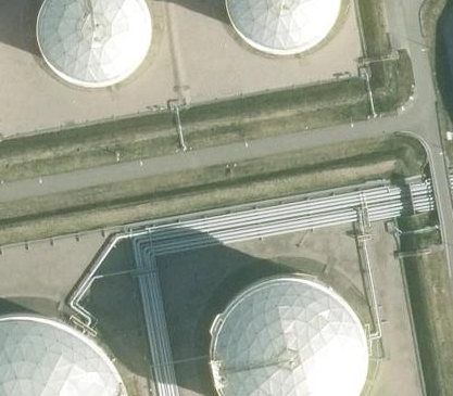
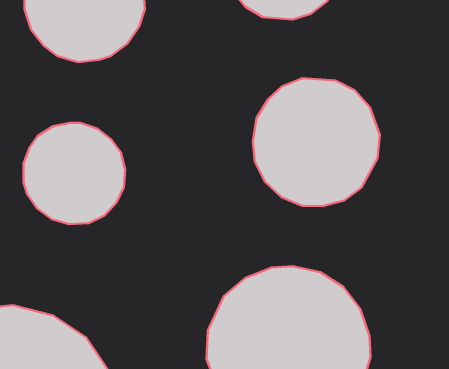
building: none -> [253,78,380,206]
building: none -> [23,123,125,224]

